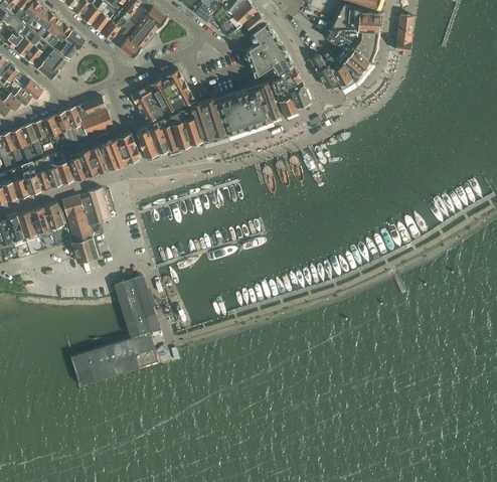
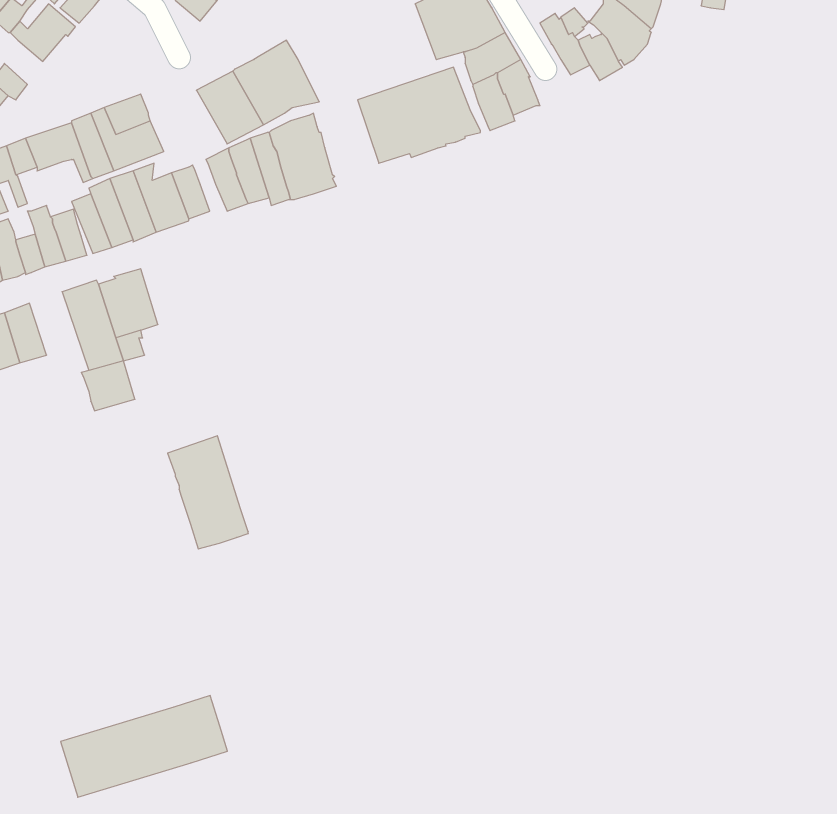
building: [192,100,228,145] -> none
building: [43,202,66,233] -> none
building: [70,332,158,385] -> [61,696,227,797]

